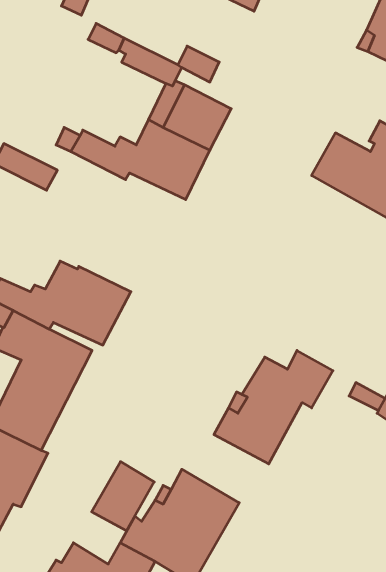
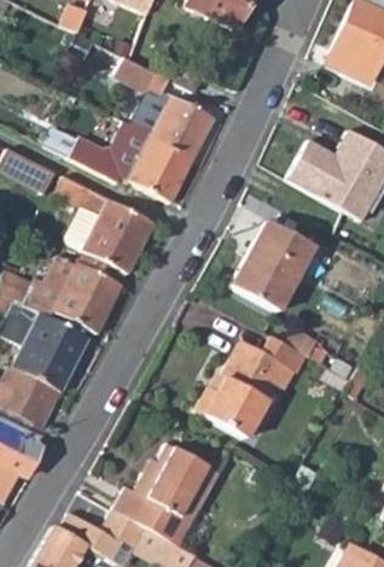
building: none -> [62,180,155,283]
building: none -> [233,222,314,312]
building: [92,462,154,531] -> none

